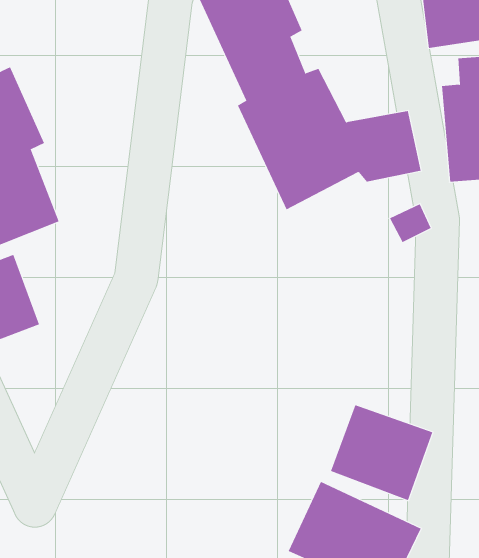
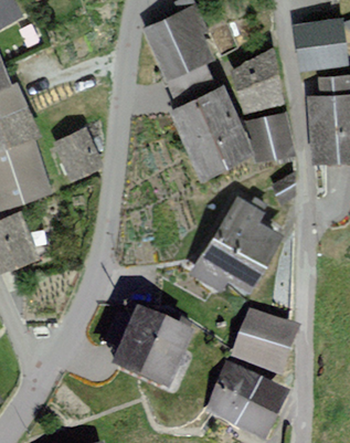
building: none -> [232,52,286,110]
building: none -> [51,127,99,178]
building: none -> [191,194,289,292]
building: none -> [115,308,199,391]

